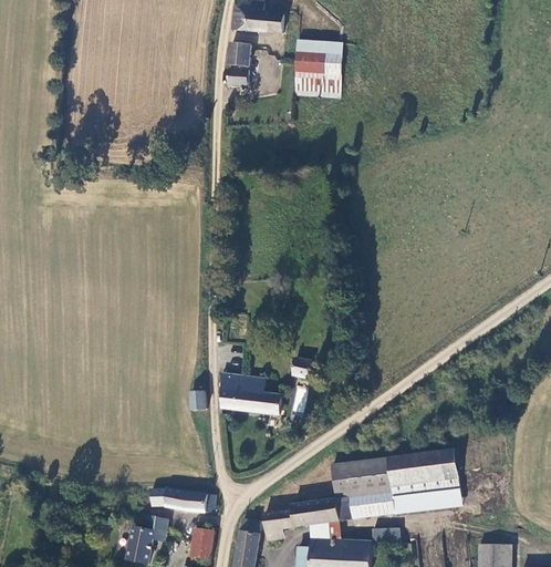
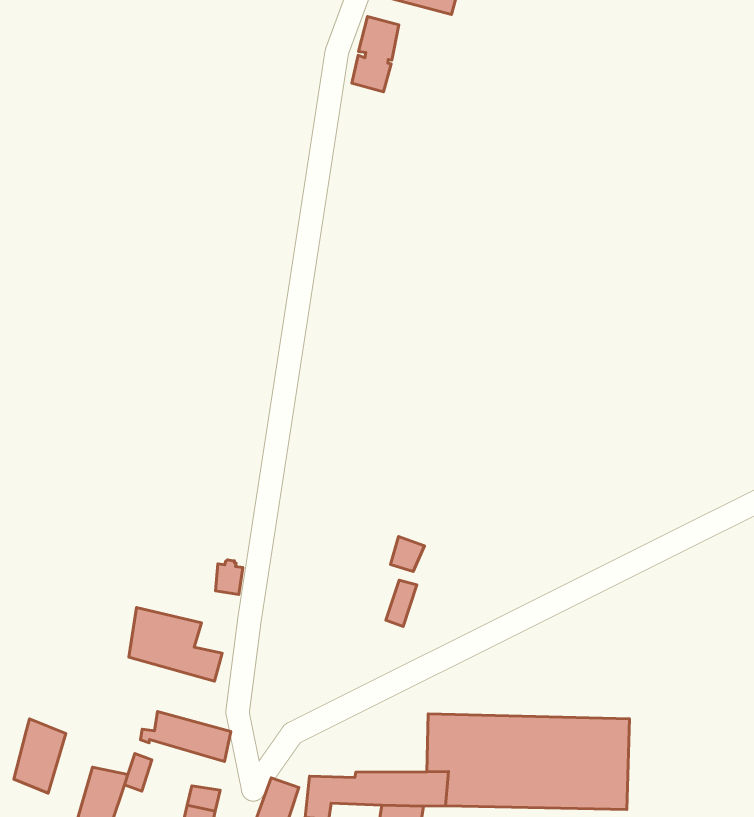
building: [294,43,341,102] -> none
building: [222,374,279,412] -> [129,607,222,681]
building: none -> [14,719,66,793]

